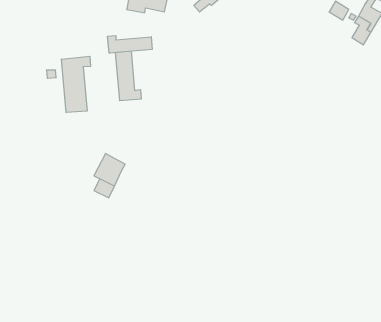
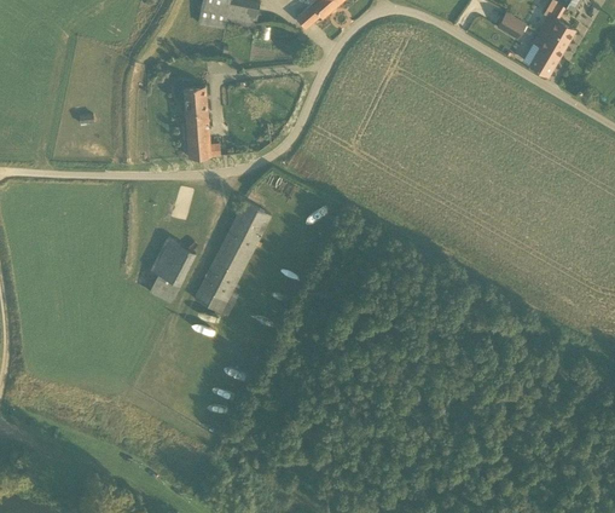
building: [108,36,152,53] -> none
building: [62,56,91,113] -> none
building: none -> [193,201,271,316]

